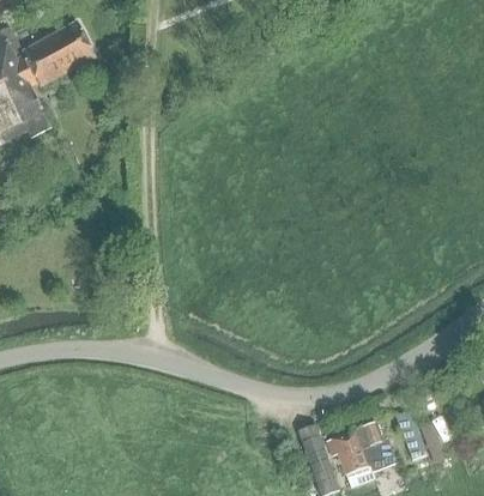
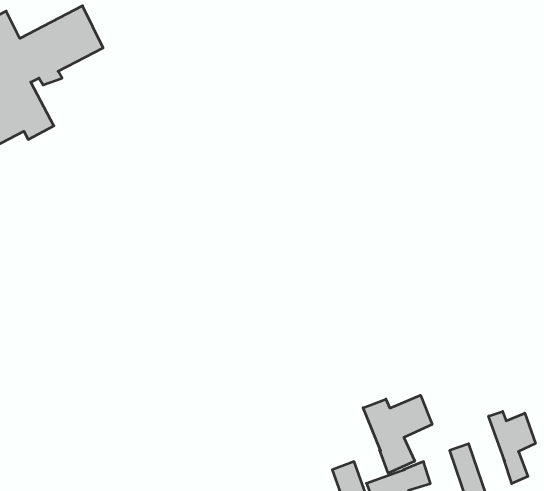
building: none -> [363,395,432,473]
building: none -> [489,411,535,484]

